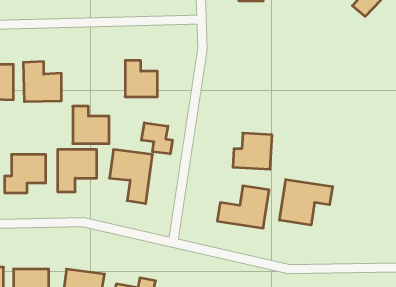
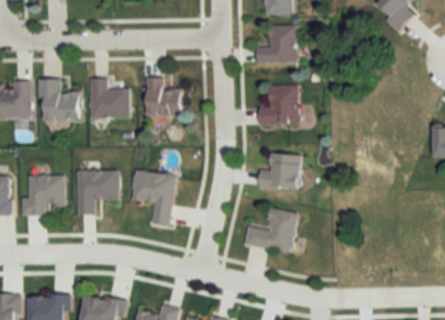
building: none -> [256,26,295,63]
building: none -> [259,86,297,125]
building: [73,106,109,144] -> [90,79,128,118]
building: [142,123,172,154] -> none
building: [280,179,332,225] -> none

